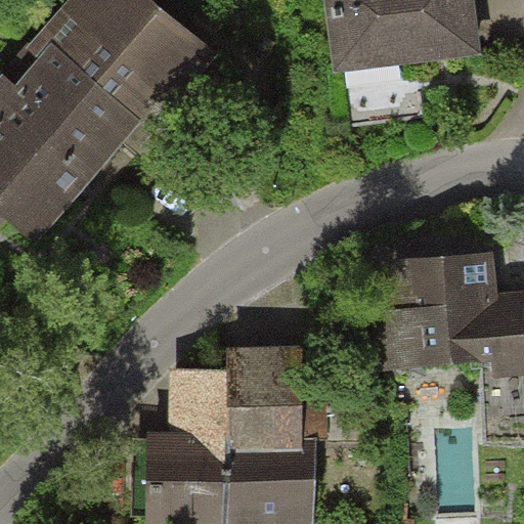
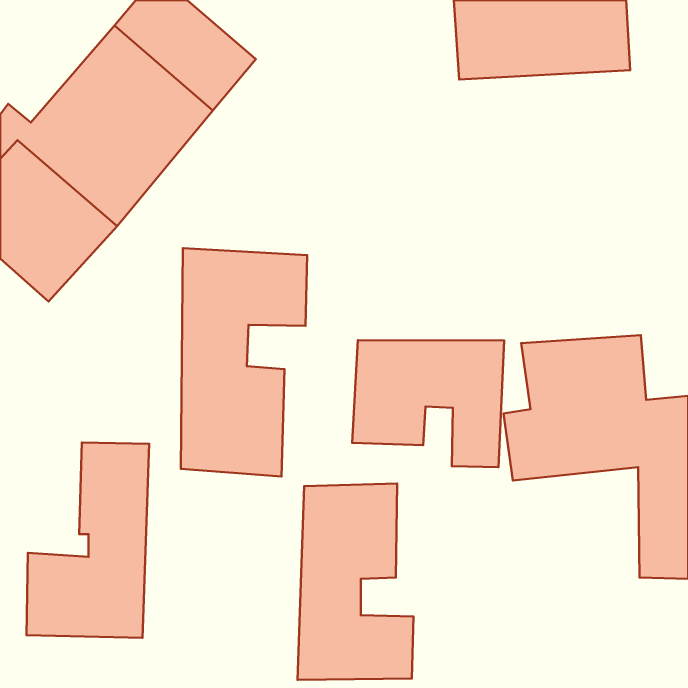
building: none -> [181,248,307,476]
building: none -> [352,340,504,467]
building: [138,368,231,517] -> [27,443,149,638]

